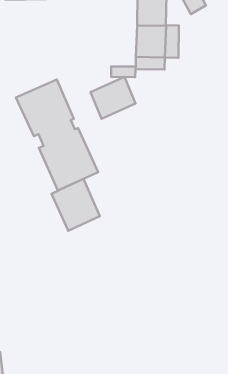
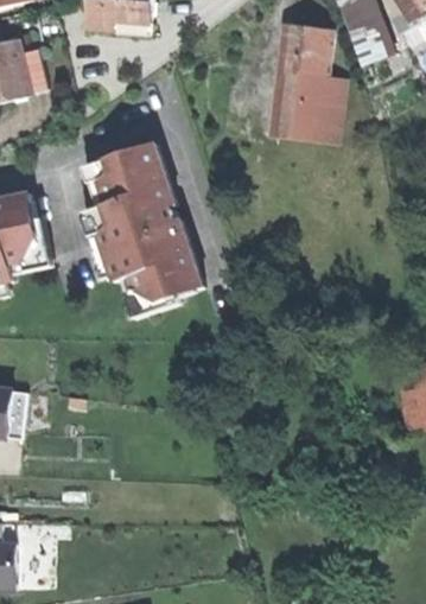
building: [90,77,136,119] -> none
building: [51,179,100,231] -> none

